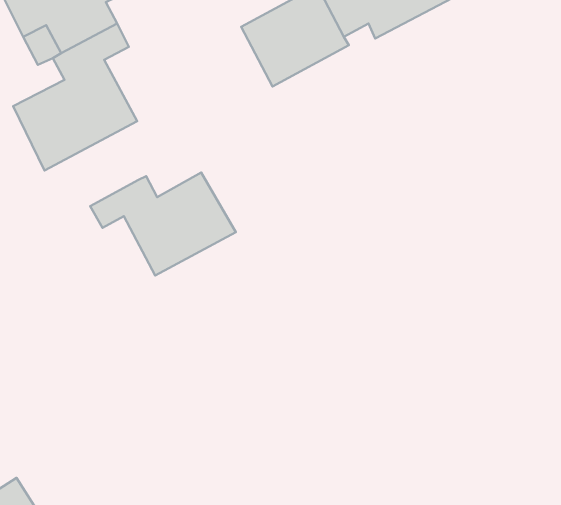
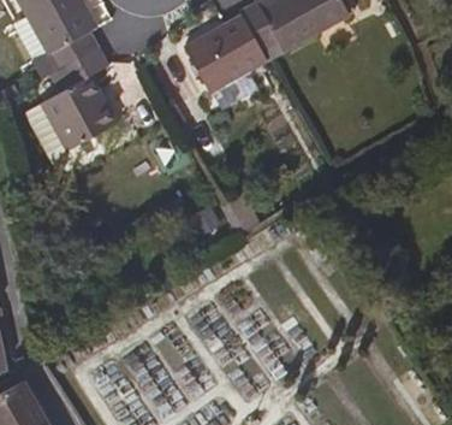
building: [90,173,236,275] -> none

